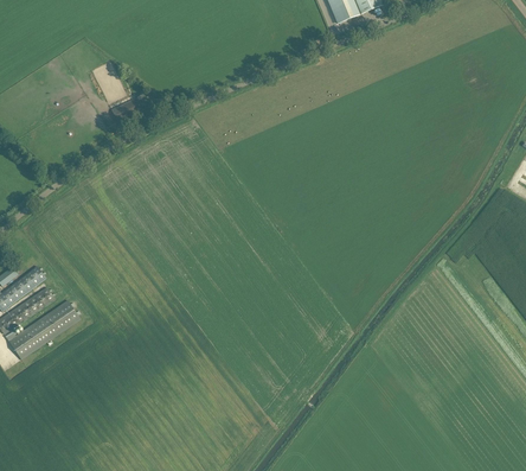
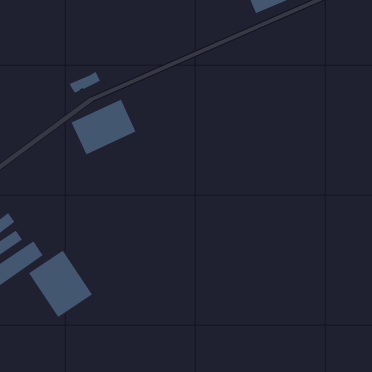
building: none -> [71,99,136,155]
building: none -> [28,250,93,318]

